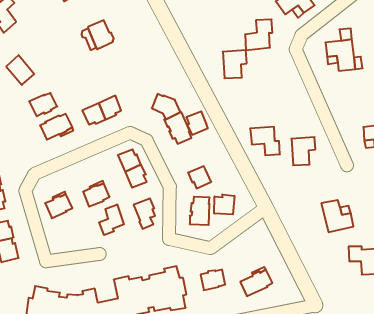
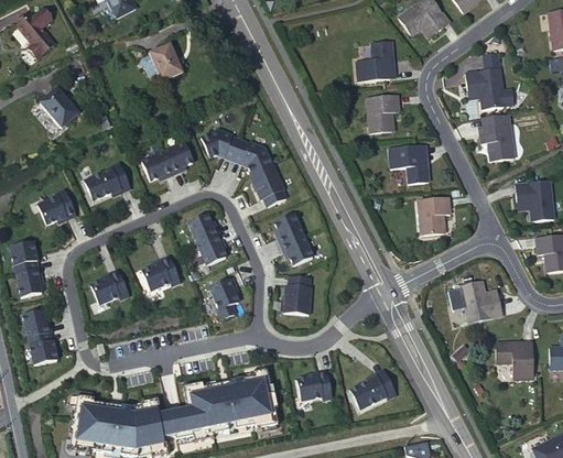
building: [223,50,247,78] -> [368,95,400,132]
building: none -> [479,114,515,160]
building: none -> [201,130,241,159]
building: [29,93,57,116] -> [37,195,75,226]
building: [186,111,208,135] -> [274,214,303,244]
building: [250,127,280,155] -> [390,145,430,183]
building: [214,194,234,214] -> none
building: [99,204,124,235] -> none

